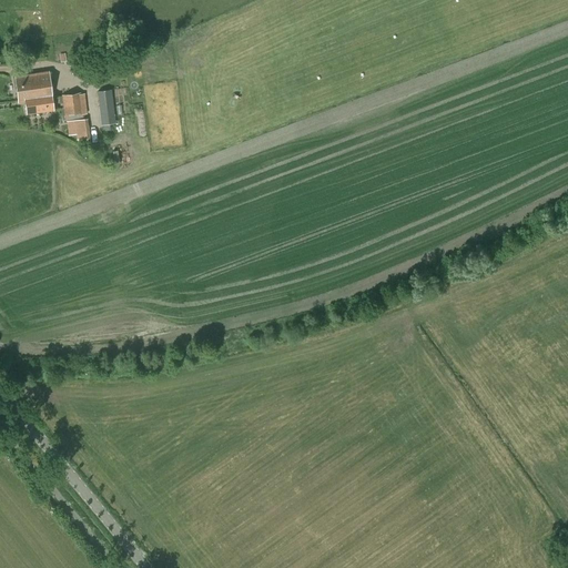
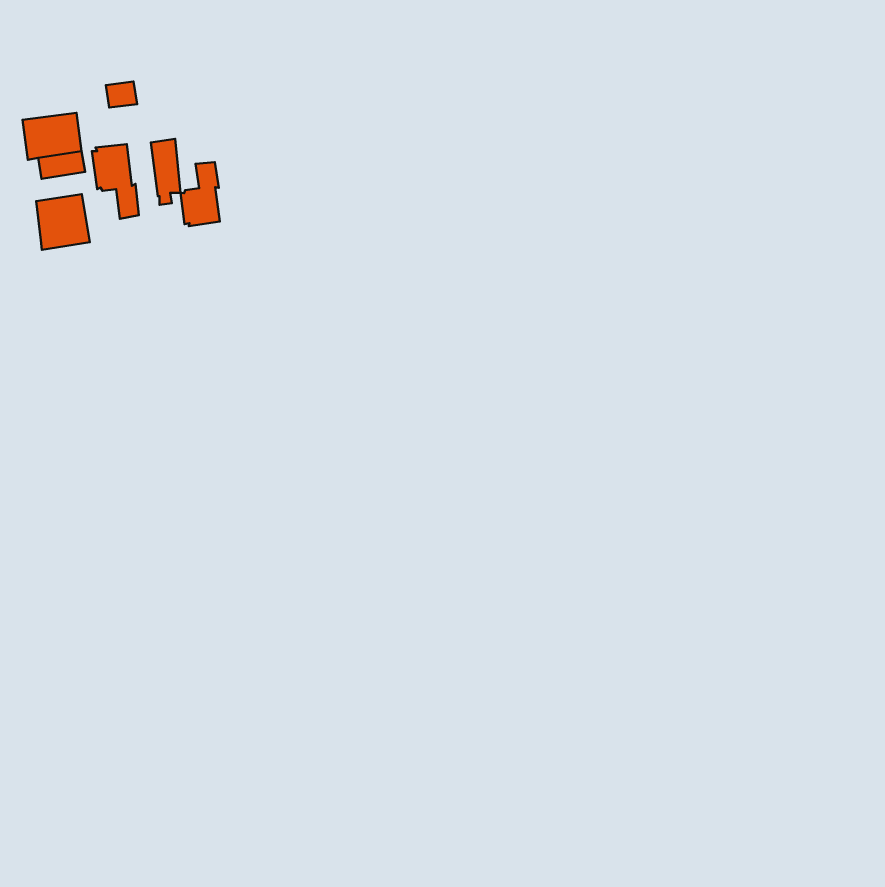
building: none -> [180,162,220,226]
building: none -> [36,194,90,250]

